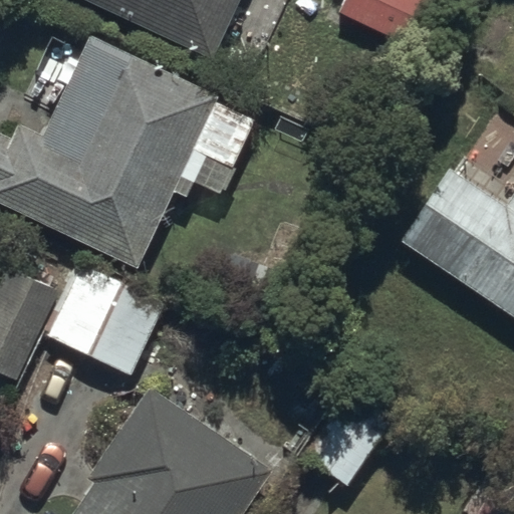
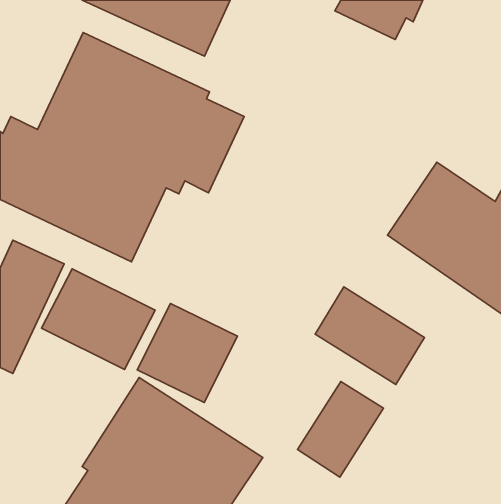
building: none -> [315,287,424,385]
building: none -> [137,303,237,403]

